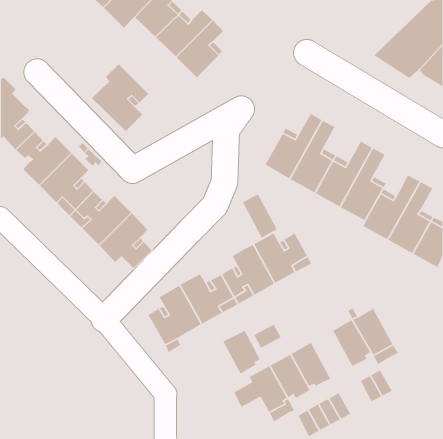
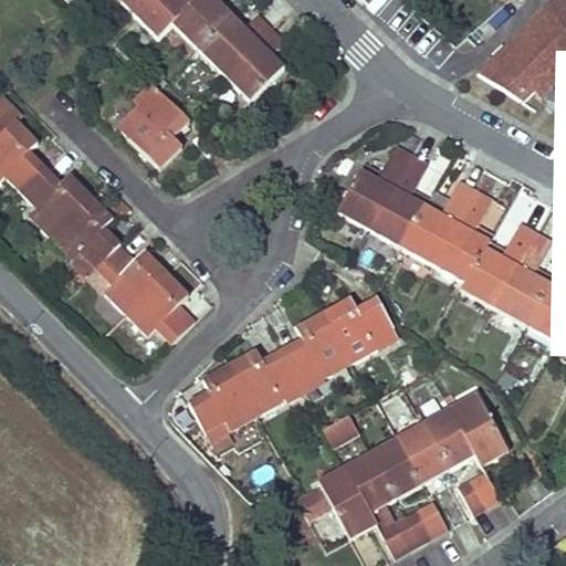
building: [242,193,278,239] -> none
building: [222,330,261,375] -> none
building: none -> [397,421,449,479]

